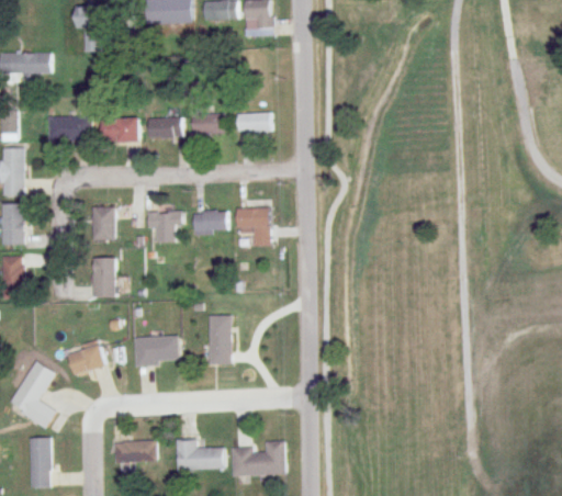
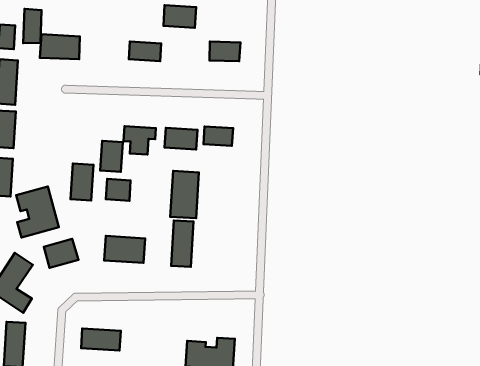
building: none -> [23,9,42,43]
building: [191,114,226,137] -> [163,5,196,28]
building: [100,119,137,143] -> none
building: [92,207,115,240] -> [100,141,123,172]
building: none -> [170,171,199,218]
building: none -> [106,179,131,201]
building: none -> [16,187,59,237]
building: [177,439,224,470] -> none

